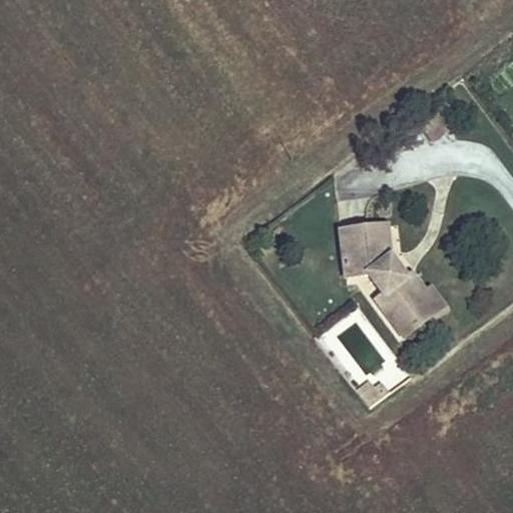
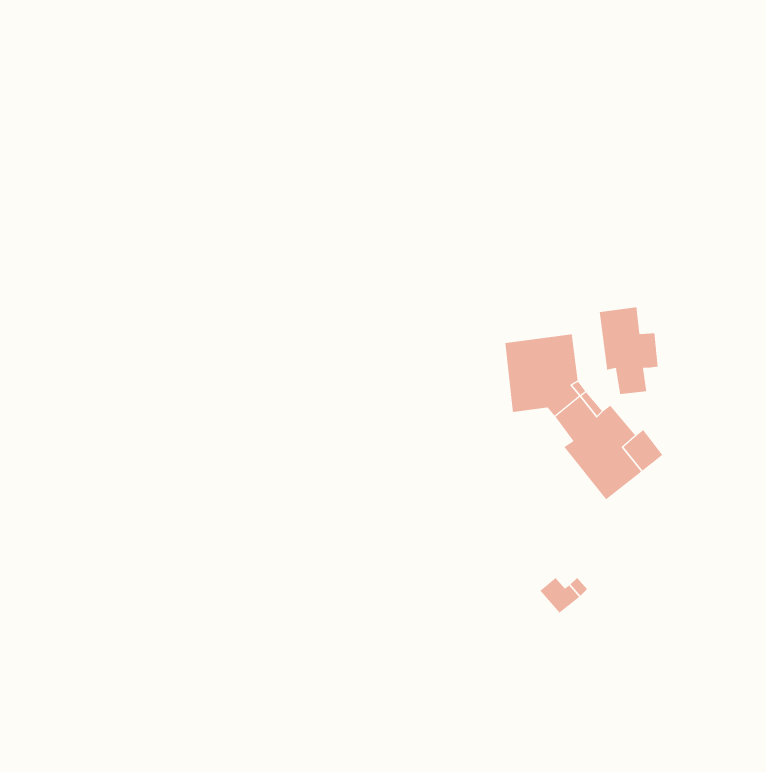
building: none -> [599,306,658,395]

